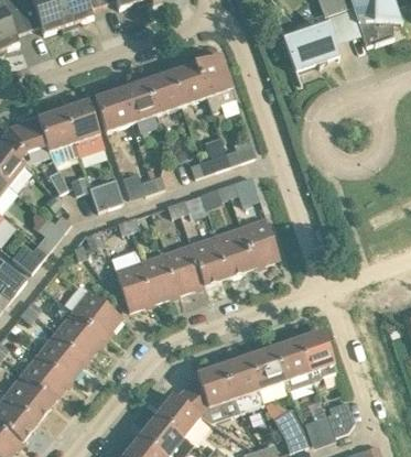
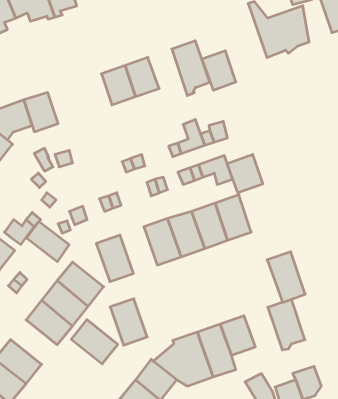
building: [170,63,206,105] -> [202,51,236,90]
building: [95,89,131,131] -> none
building: [63,100,105,155] -> none
building: none -> [227,154,263,193]
building: [90,179,122,210] -> none
building: none -> [26,221,69,262]
building: [140,252,180,302] -> [110,299,147,345]
building: [272,338,313,392] -> [267,252,305,302]
building: [23,351,73,399] -> [71,320,118,364]

